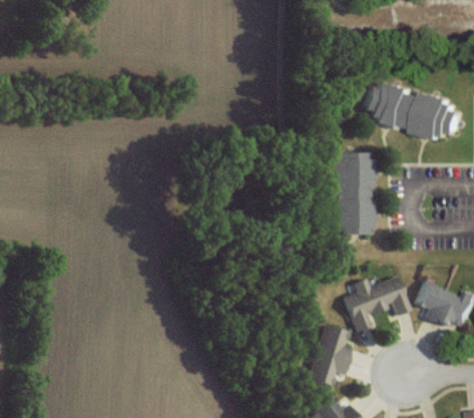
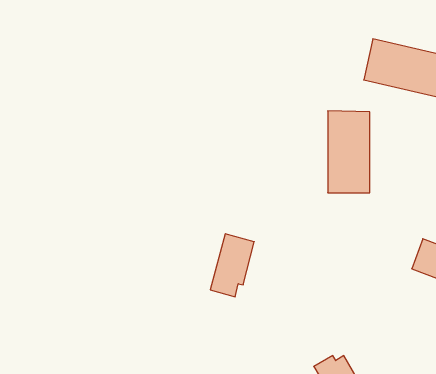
building: [344,277,410,333] -> none
building: [308,324,352,387] -> [210,234,254,297]

